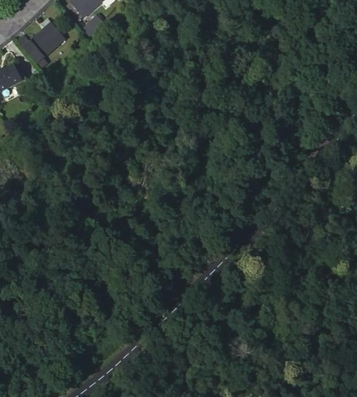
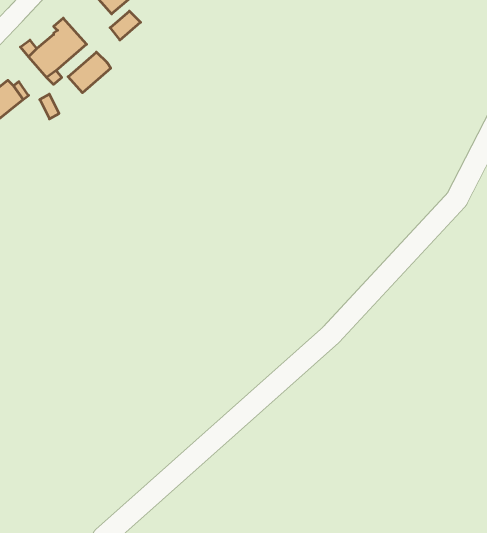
building: none -> [68,52,111,93]

